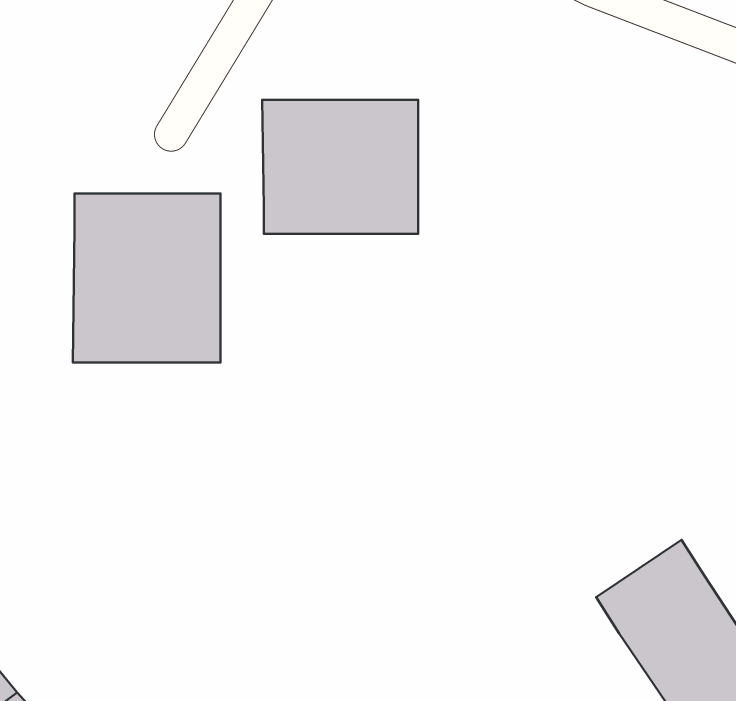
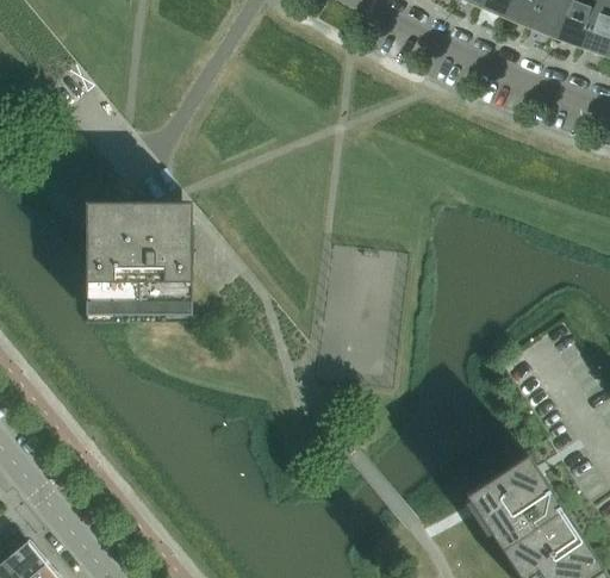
building: [262,100,418,234] -> none

